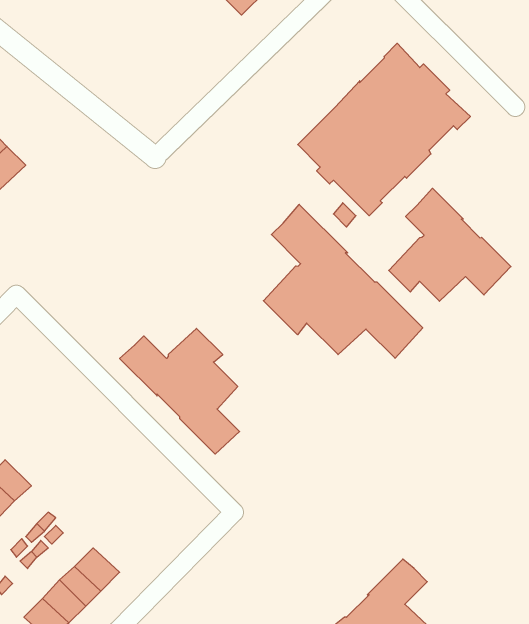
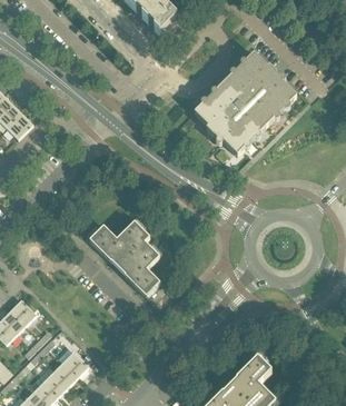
building: [389,188,511,301] -> none
building: [263,204,423,358] -> none

